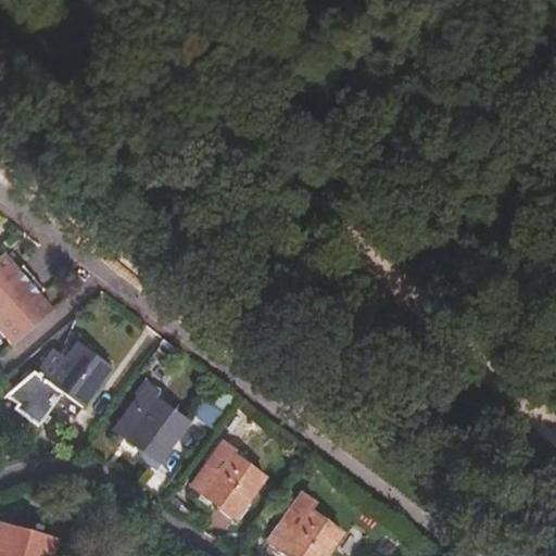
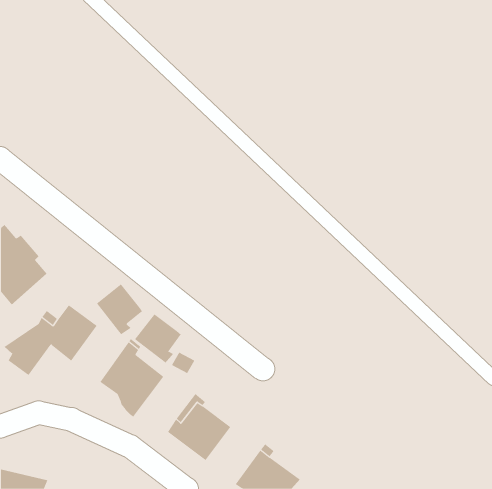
building: none -> [96,284,143,335]
building: none -> [134,313,182,363]

